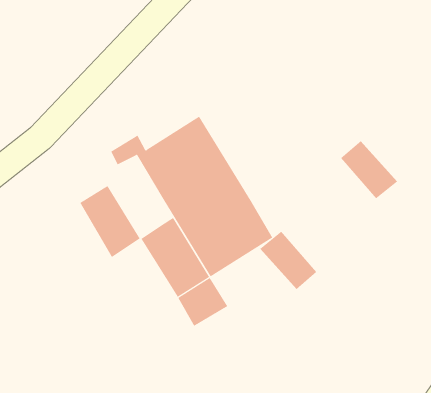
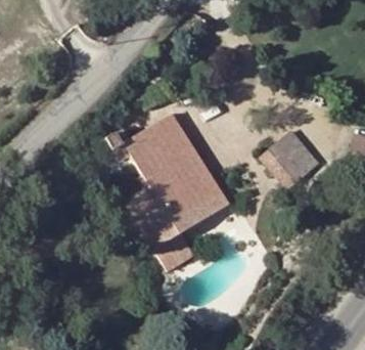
building: [79,185,140,258] -> none
building: [260,231,317,290] -> [261,144,304,188]

